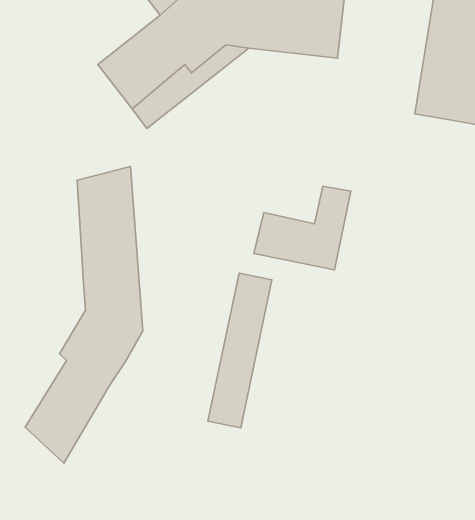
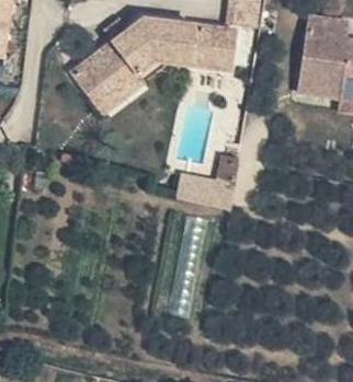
building: [25,166,143,463] -> none

